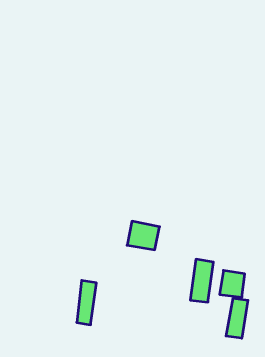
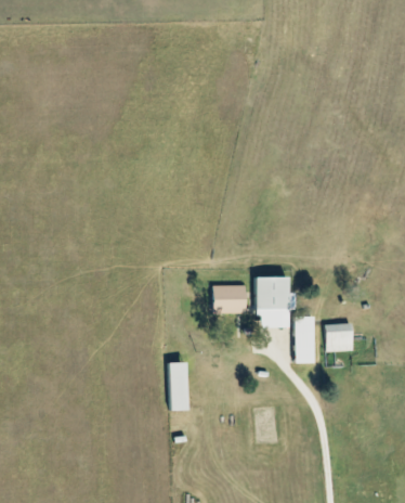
building: none -> [256,276,296,327]
building: [226,298,248,338] -> none

